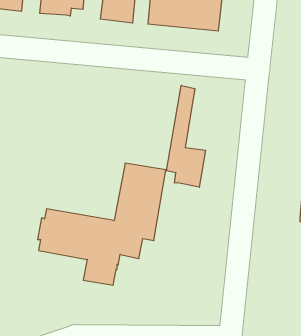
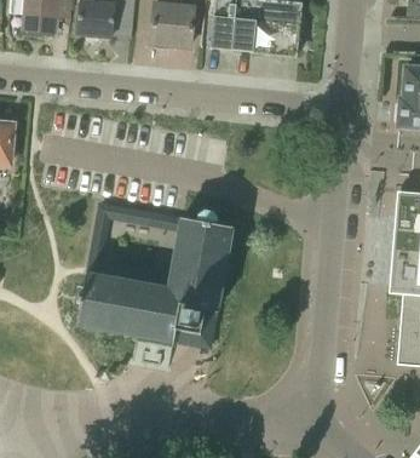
building: [166,85,205,187] -> none

